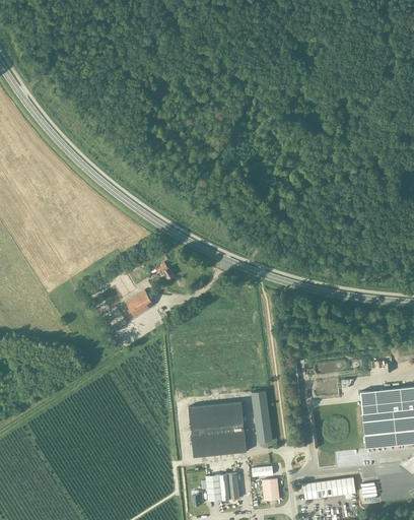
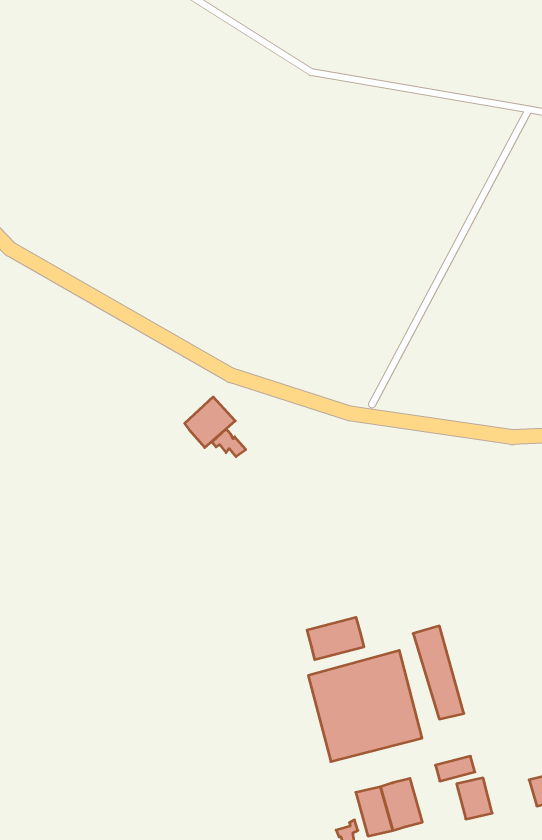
building: [126,290,154,318] -> [185,397,235,448]
building: none -> [307,617,364,660]

